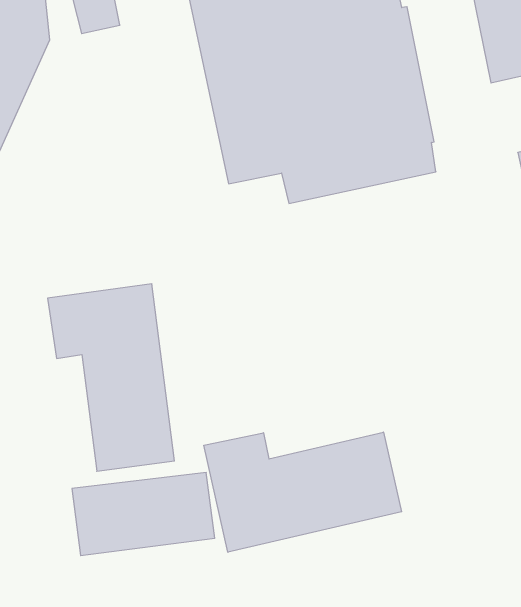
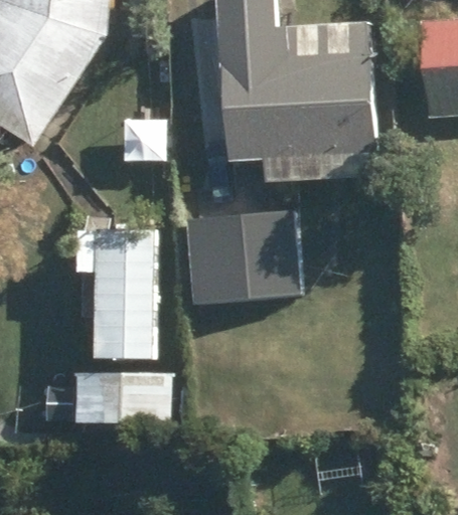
building: none -> [184,209,302,303]
building: [204,432,402,552] -> none

